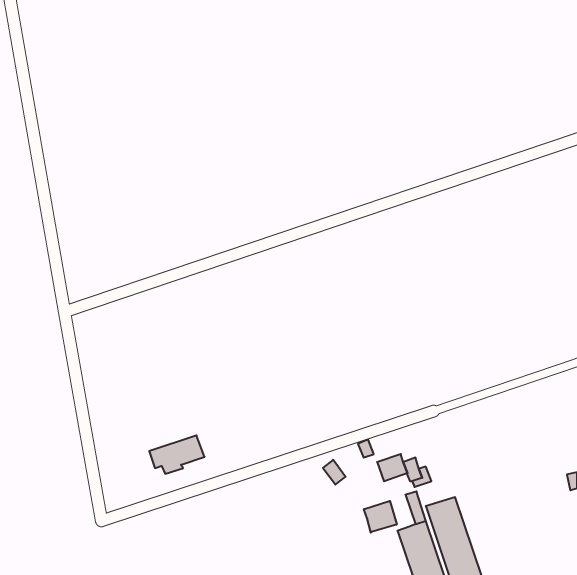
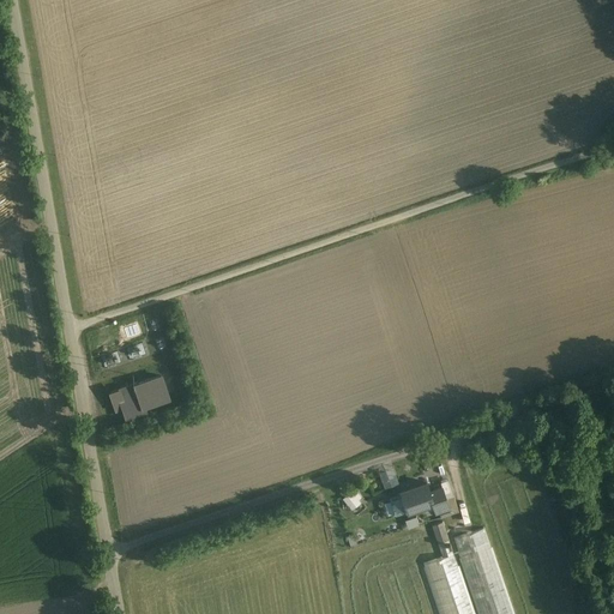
building: [149,435,205,474] -> [109,378,168,419]
building: [364,501,397,533] -> none

